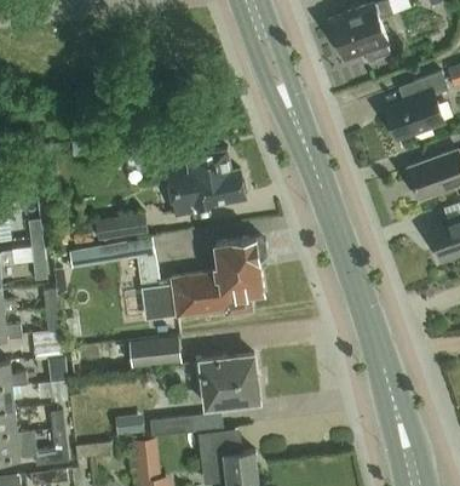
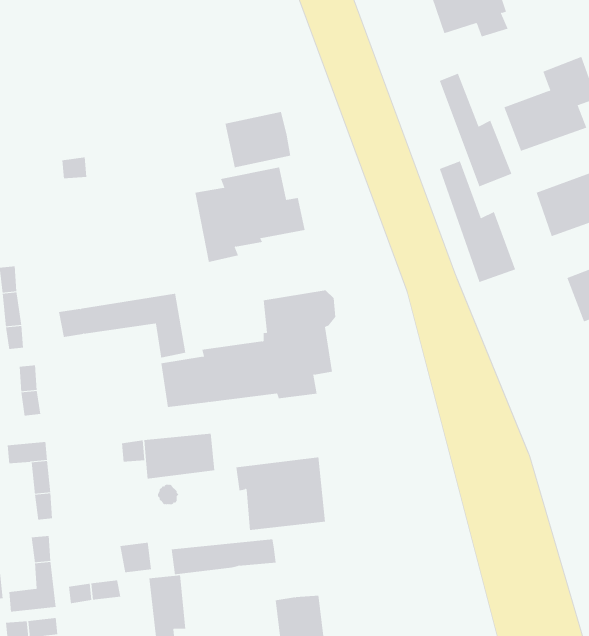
building: none -> [439,73,512,187]
building: none -> [225,111,291,168]
building: none -> [439,161,516,283]
building: [96,215,148,242] -> none
building: [197,430,237,461] -> none

